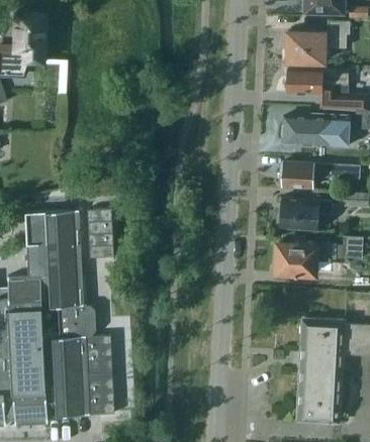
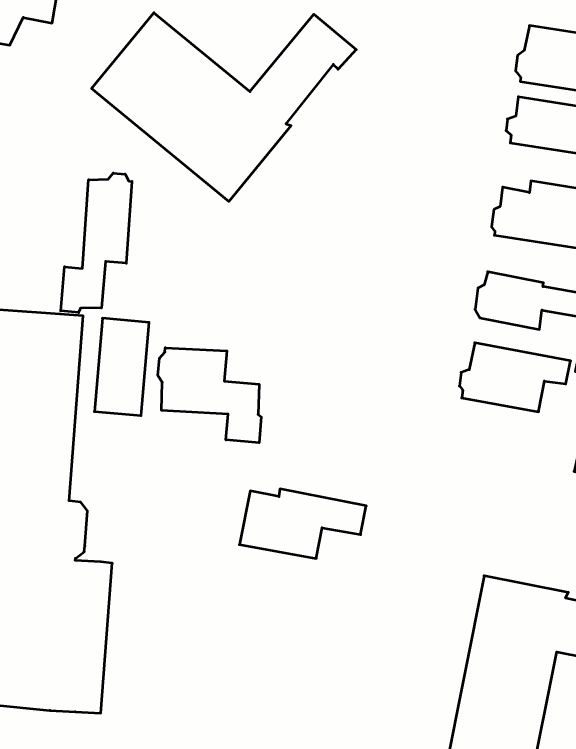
building: none -> [92,13,356,201]
building: none -> [61,173,132,313]
building: none -> [158,348,261,443]
building: [273,240,336,273] -> [239,489,366,558]

